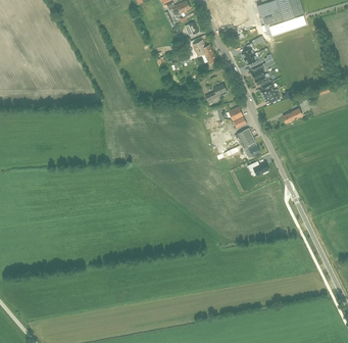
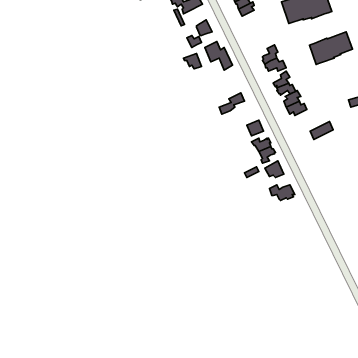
building: none -> [310,32,353,64]

